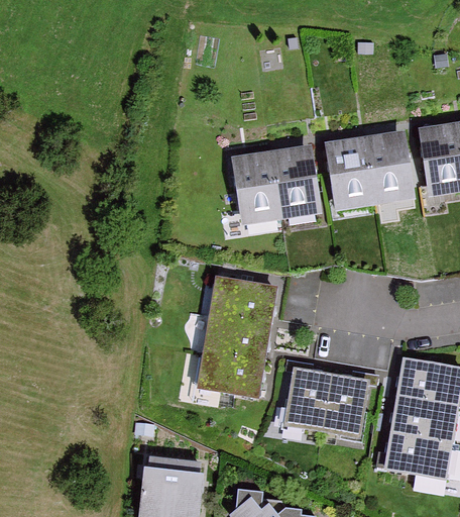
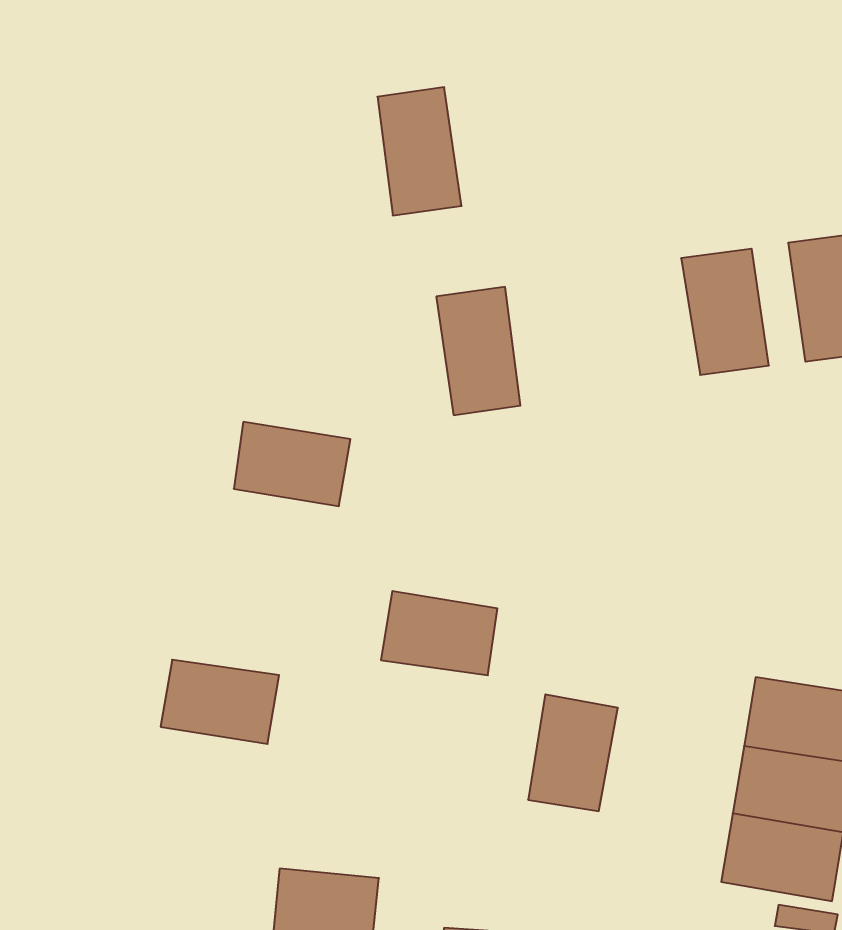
building: [328,138,374,206] -> none
building: [271,148,316,216] -> [377,87,462,215]
building: [212,279,273,323] -> [234,422,350,506]
building: [200,350,262,395] -> [161,660,279,744]
building: [321,376,368,437] -> none

